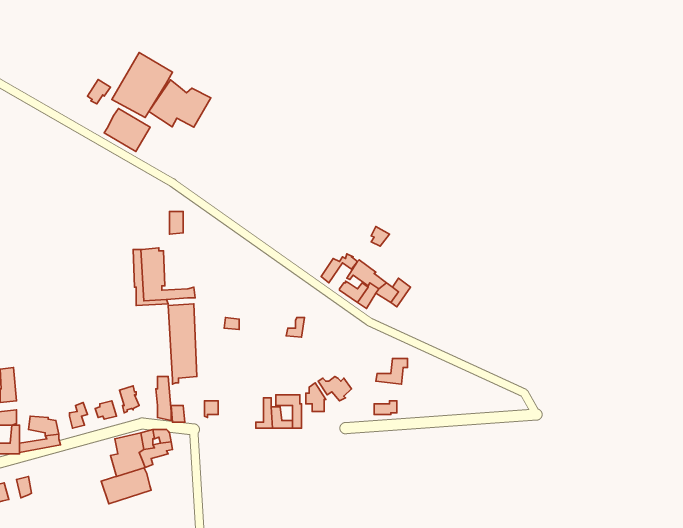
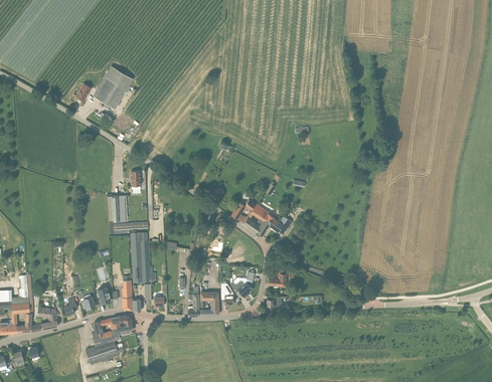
building: [149,80,211,127] -> none
building: [104,109,150,151] -> none

